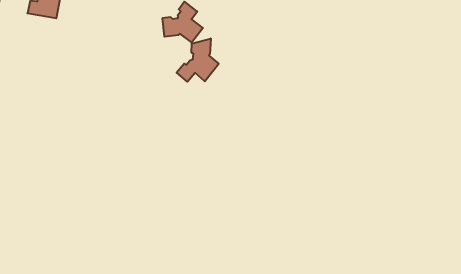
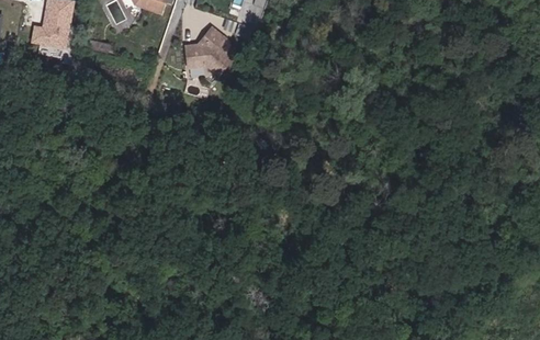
building: [177,38,219,82] -> none

